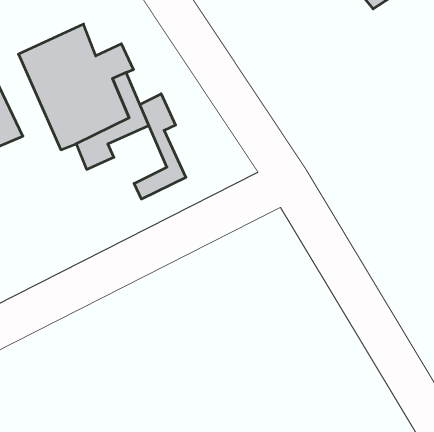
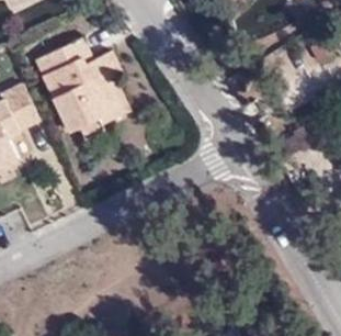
building: [134,94,186,199] -> none

